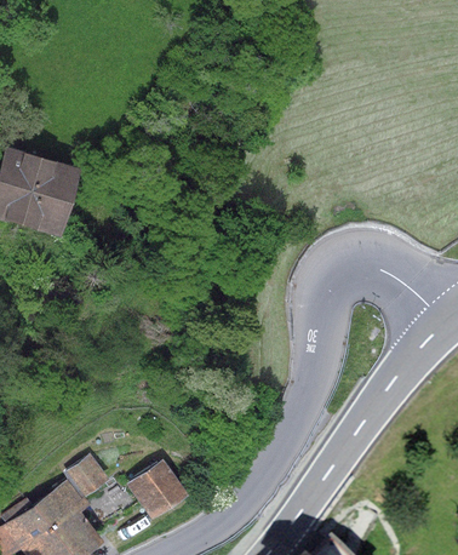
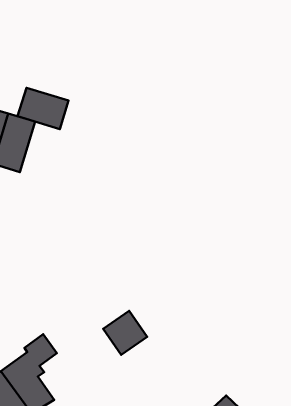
building: none -> [18,88,69,129]
building: [128,460,188,520] -> [103,311,147,355]

